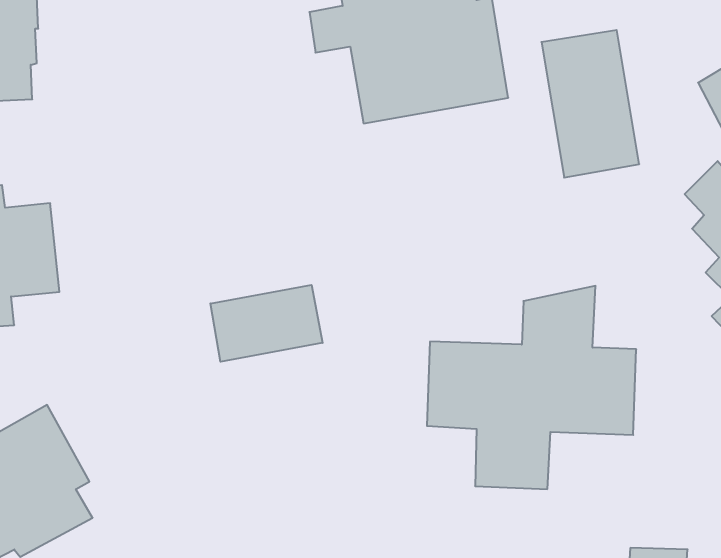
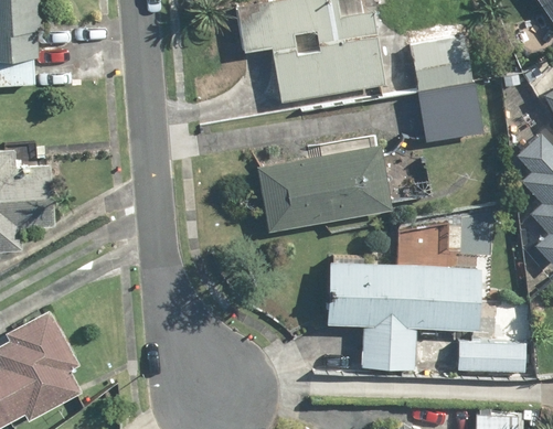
building: none -> [253,133,430,232]
building: [210,285,323,362] -> none
building: none -> [455,340,525,372]

